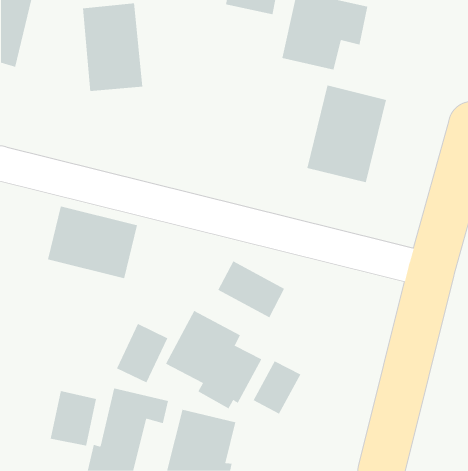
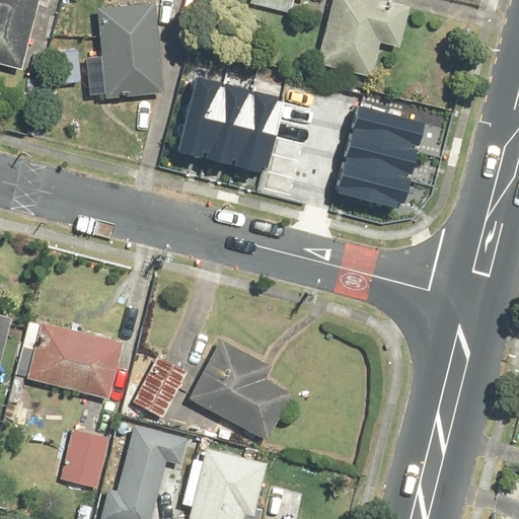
building: none -> [178,66,285,169]
building: [47,206,138,279] -> [25,322,125,402]
building: [218,260,285,318] -> none
building: [253,360,301,415] -> none

